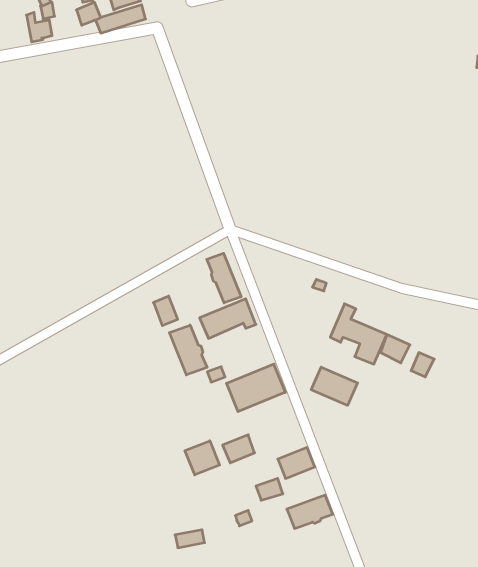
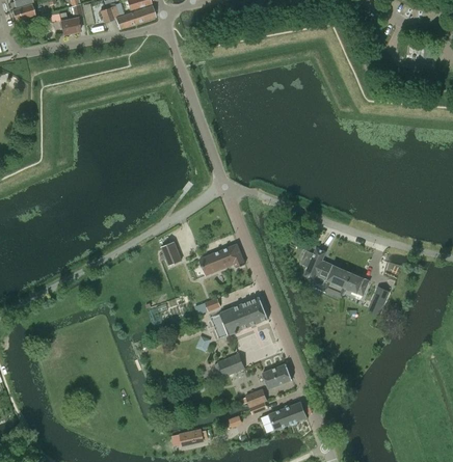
building: [207,253,241,303] -> none
building: [169,325,207,375] -> none
building: [311,367,358,405] -> none
building: [185,441,220,475] -> none

